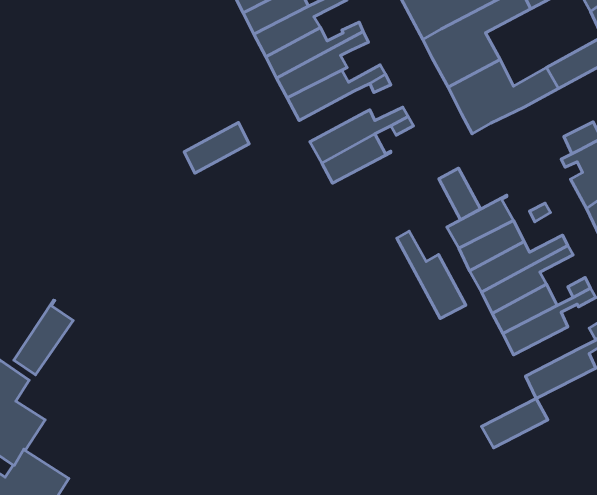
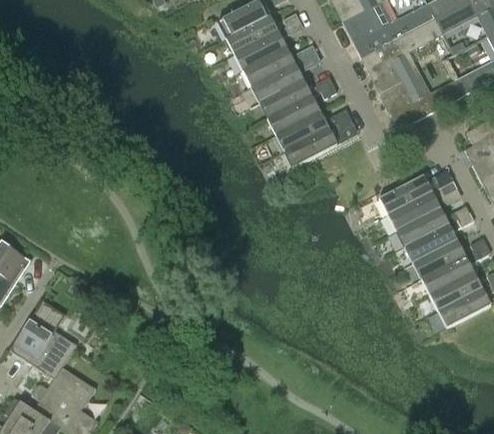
building: [184,123,249,173] -> [269,96,318,134]
building: [439,168,480,220] -> none
building: [397,231,466,318] -> none
building: [14,300,73,375] -> none
building: [481,399,548,448] -> [430,274,480,311]

